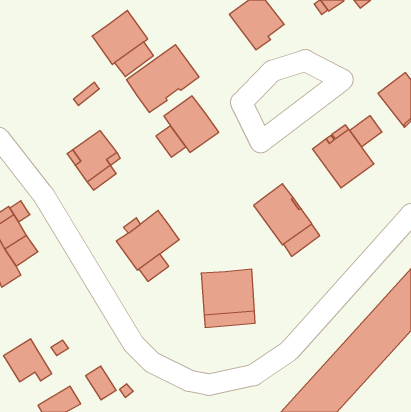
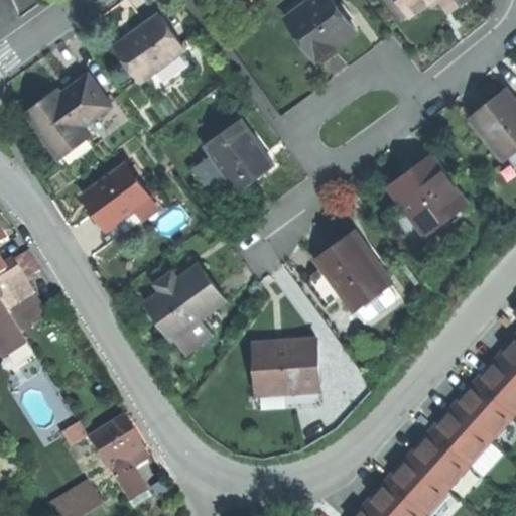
building: [127,45,199,113] -> none
building: none -> [27,75,111,157]
building: [350,116,382,147] -> none
building: [3,339,52,382] -> [87,416,147,470]

